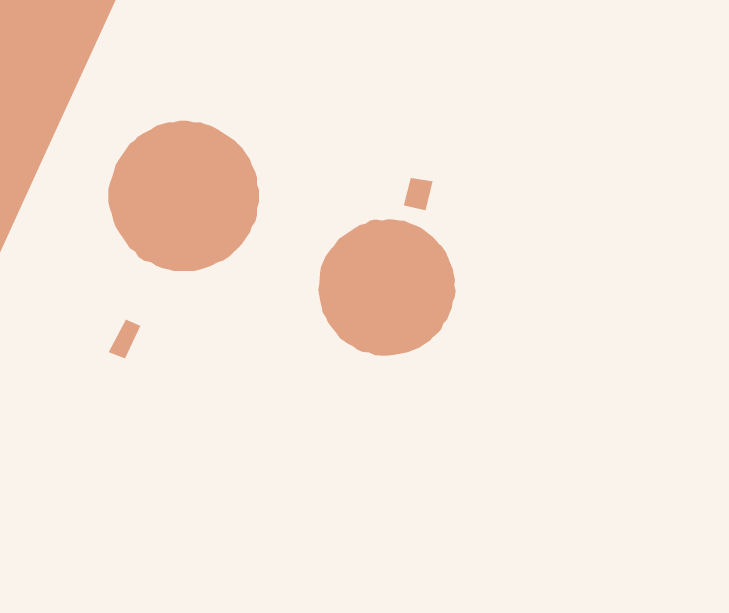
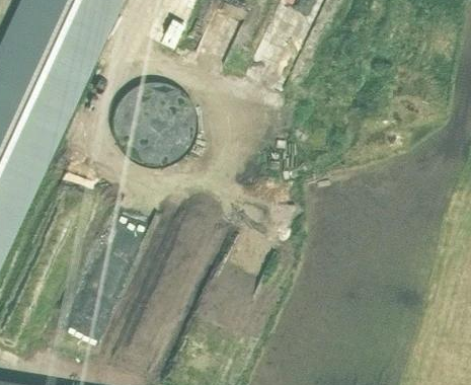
building: [317,219,456,357] -> none

